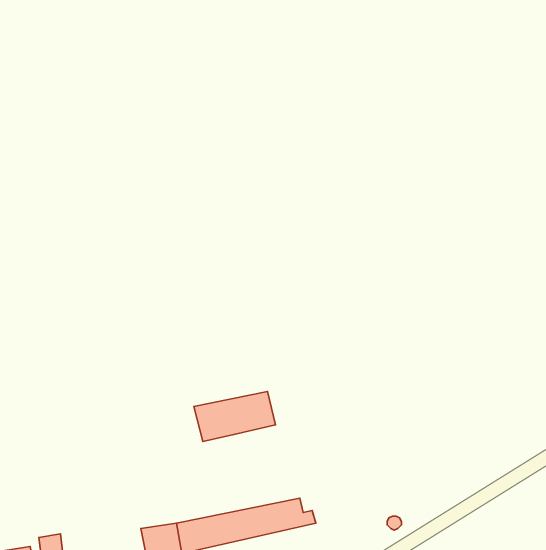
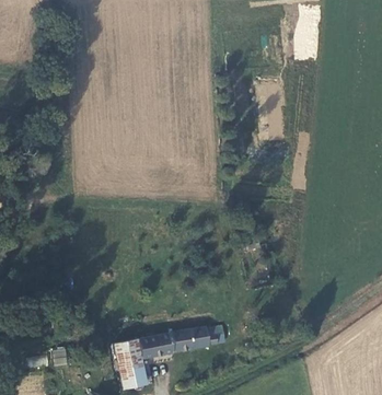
building: [194,392,276,442] -> none

